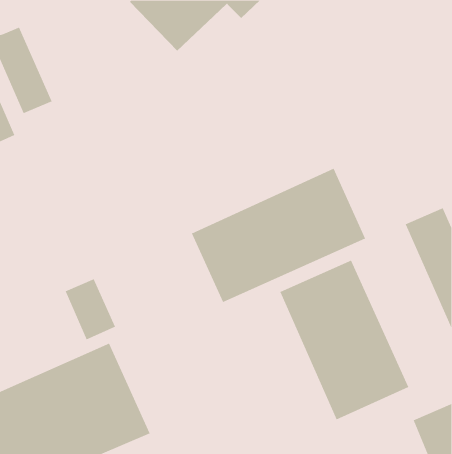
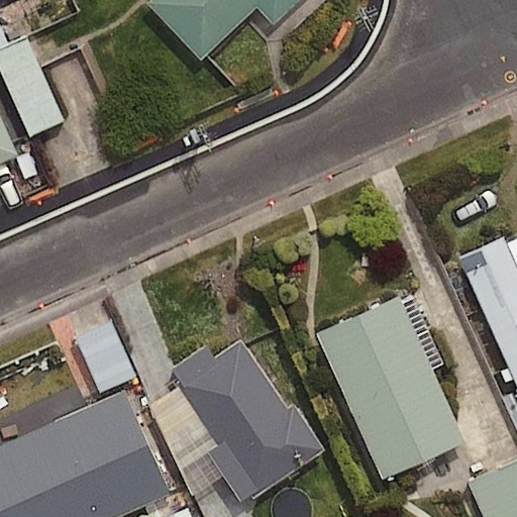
building: [191,168,366,303] -> none
building: none -> [176,340,326,499]

